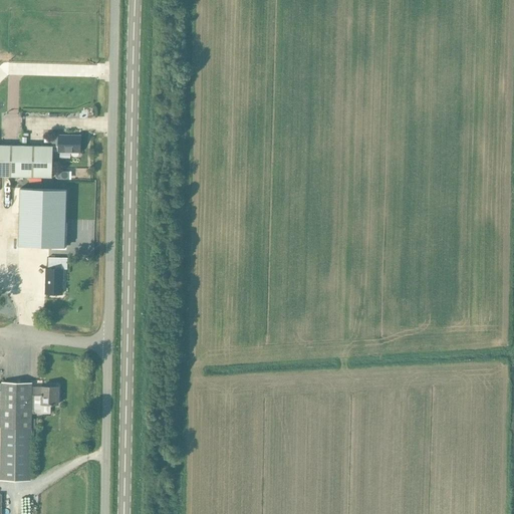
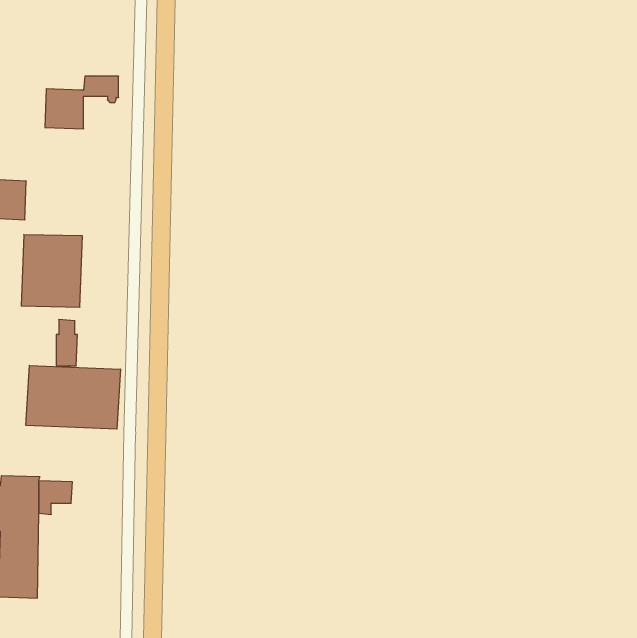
building: [20,136,79,178] -> [45,76,119,129]
building: none -> [26,365,120,429]

